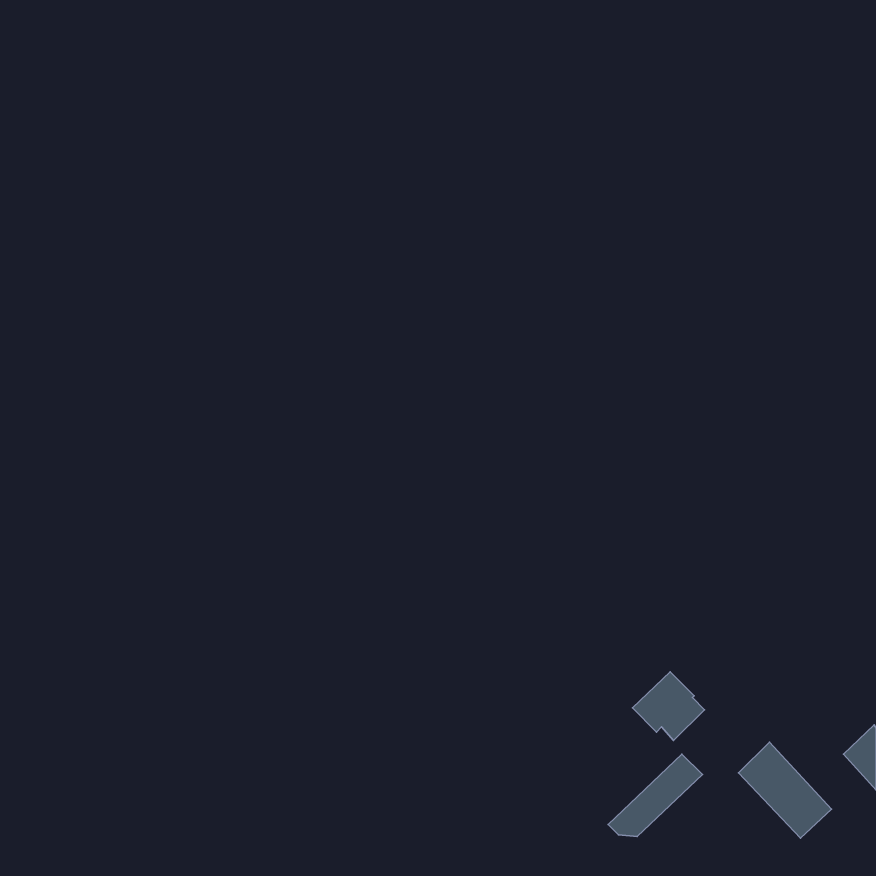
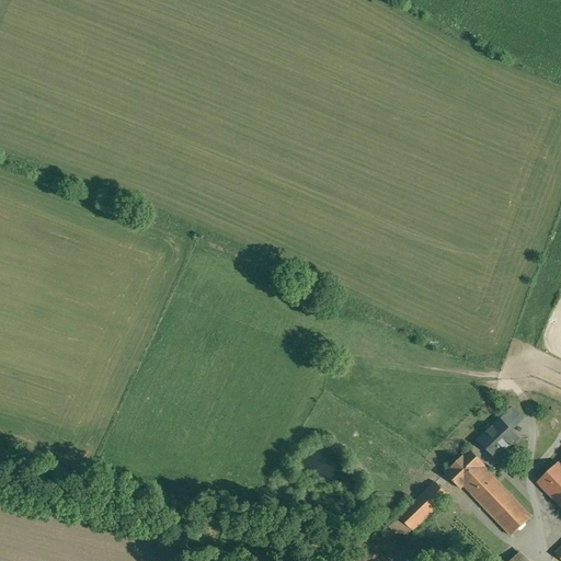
building: none -> [479,419,517,457]
building: [632,672,705,741] -> [445,449,491,493]

